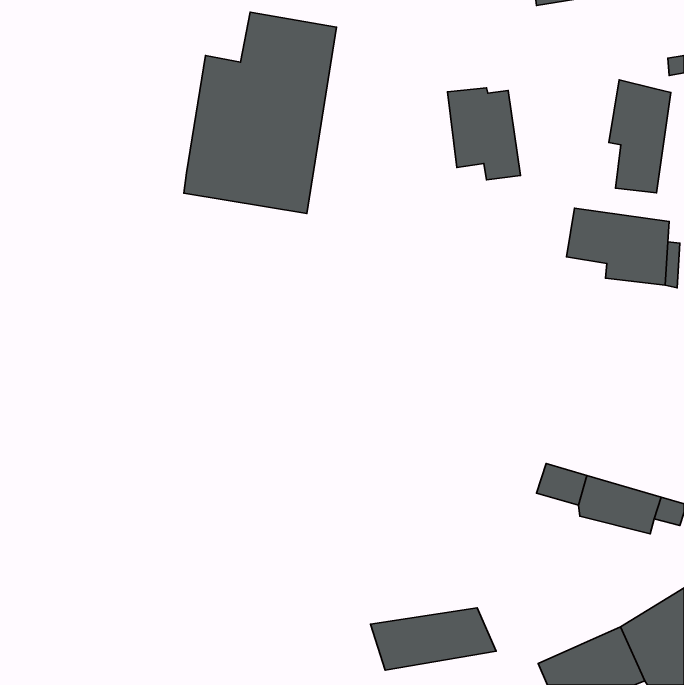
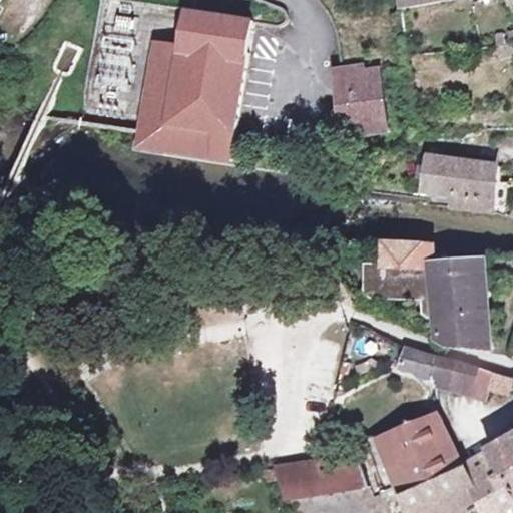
building: [609,80,671,193] -> none
building: none -> [363,242,486,350]
building: none -> [367,413,460,492]

